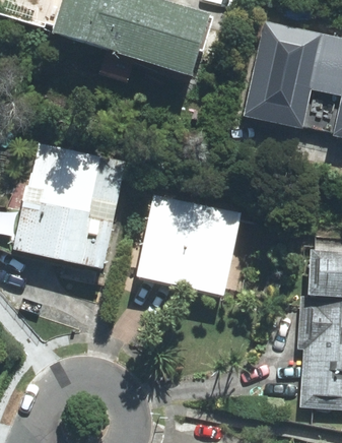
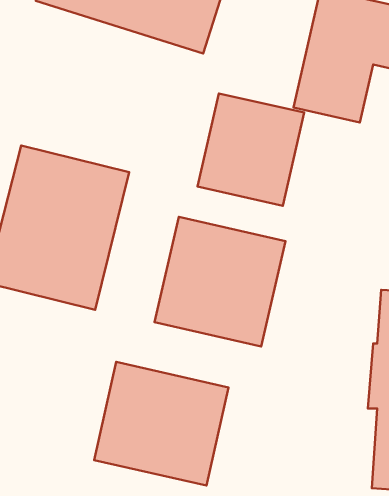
building: none -> [198,93,304,206]
building: none -> [94,362,229,486]

